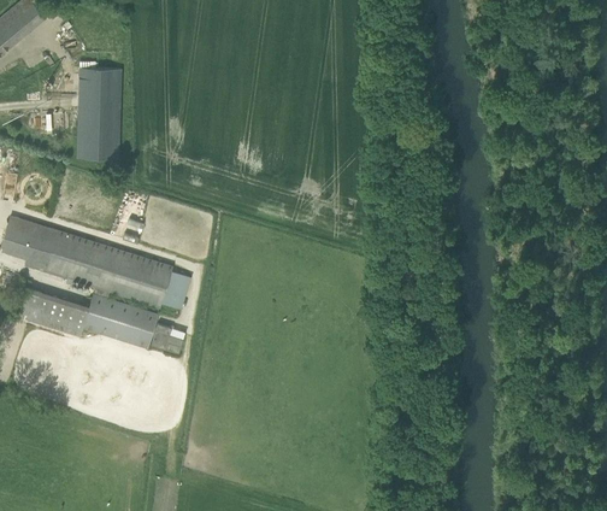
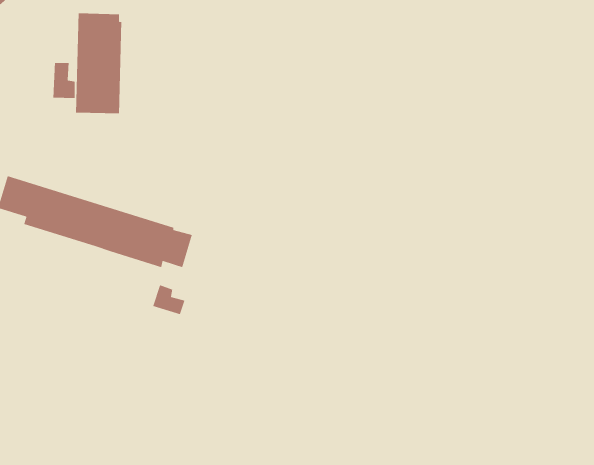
building: none -> [52,62,76,99]
building: [12,284,158,348] -> none

